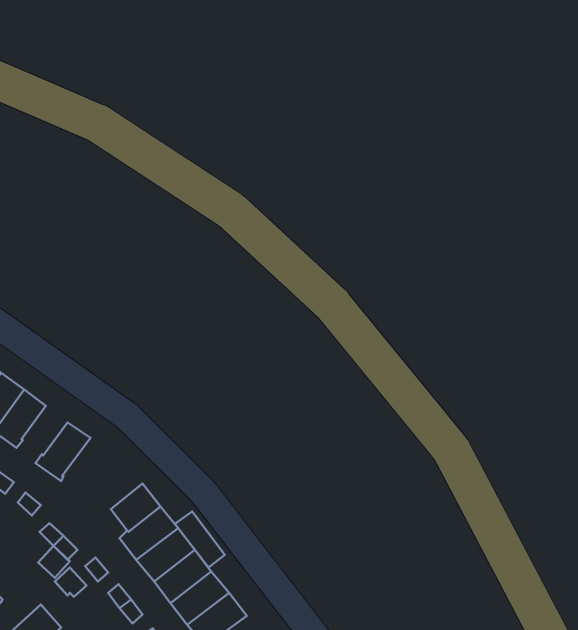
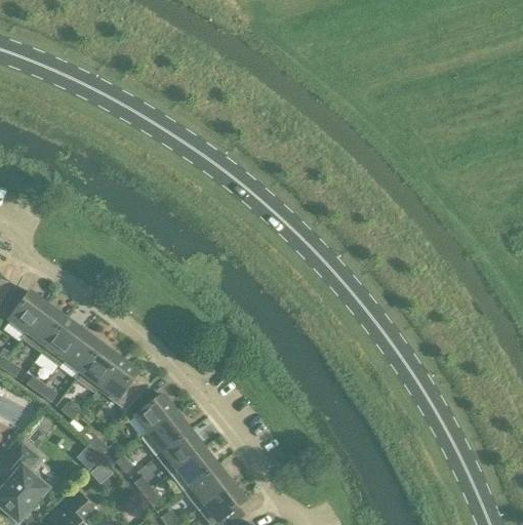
building: none -> [65,331,102,371]
building: none -> [97,357,147,408]
building: [175,512,225,568] -> none

